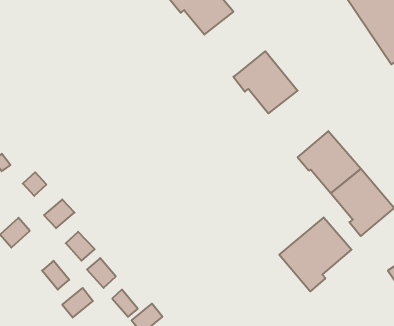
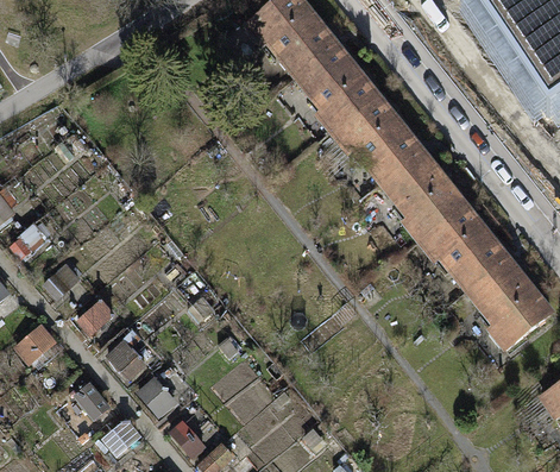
building: none -> [294,43,376,131]
building: none -> [380,150,461,240]
building: [279,217,352,291] -> none

